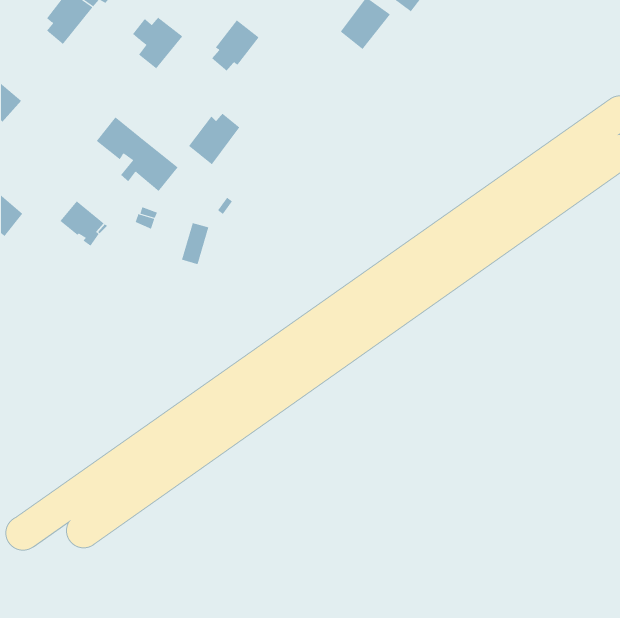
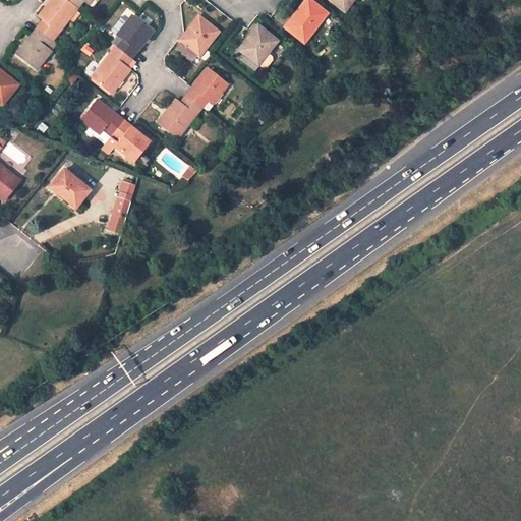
building: none -> [239,24,278,64]
building: none -> [16,25,53,69]
building: none -> [92,46,131,93]
building: none -> [186,67,228,107]
building: [181,222,209,265] -> [107,196,130,232]

